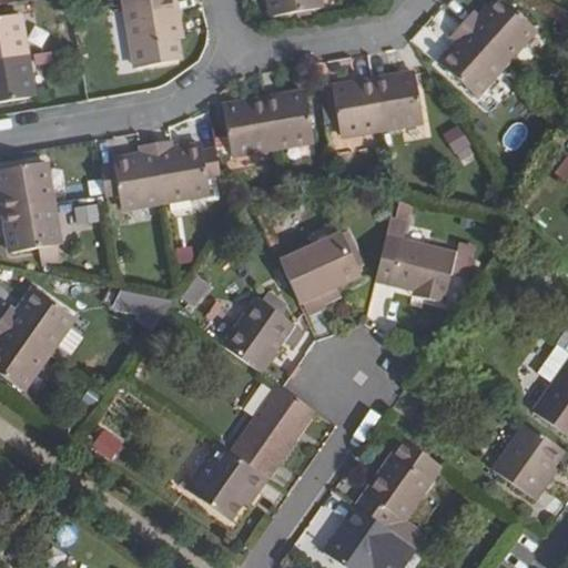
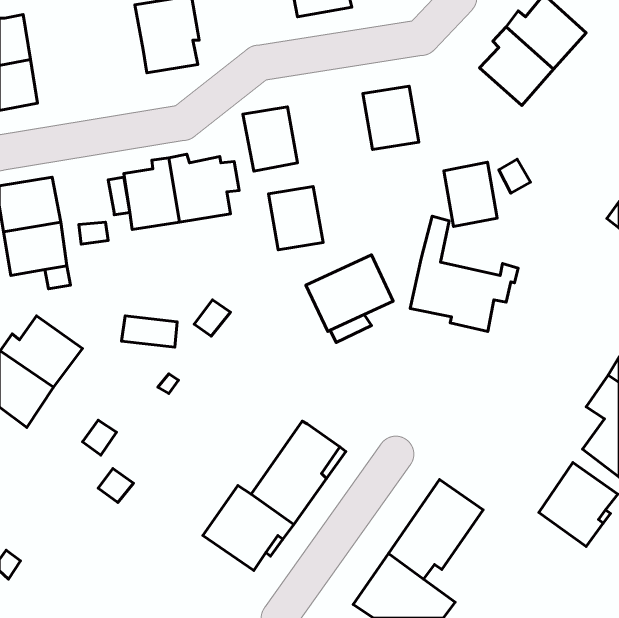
building: [374,71,423,130] -> [444,162,497,227]
building: [263,91,313,149] -> [268,187,323,250]
building: [222,298,294,373] -> none

